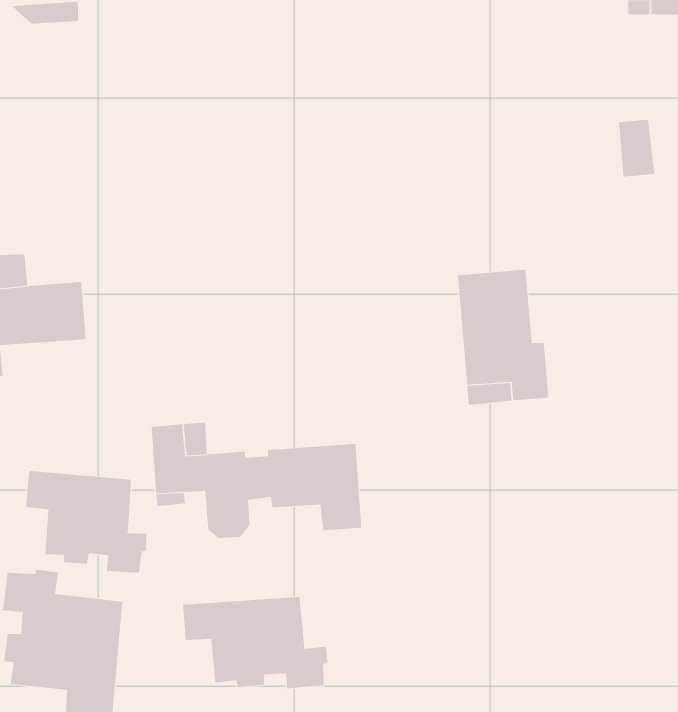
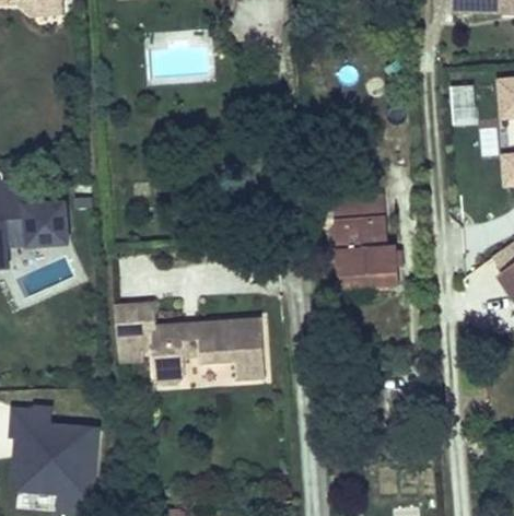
building: [26,470,147,574] -> none
building: [183,596,328,689] -> none

